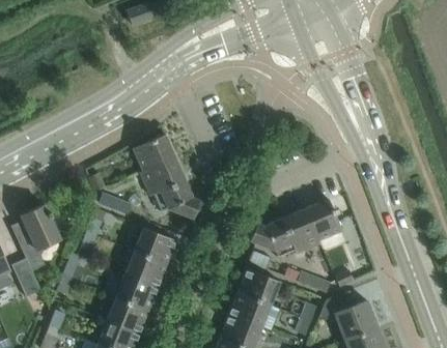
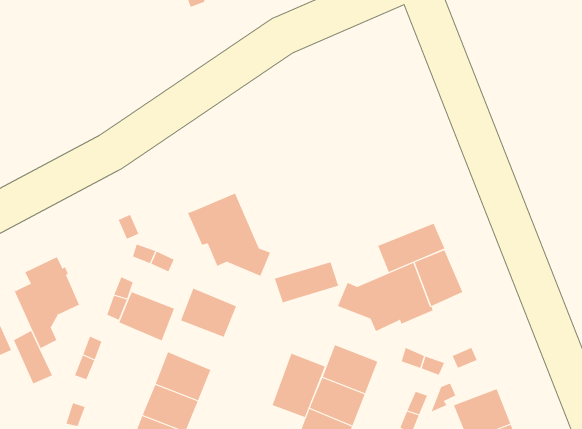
building: [134,135,175,171] -> none
building: none -> [377,223,445,273]
building: none -> [274,261,339,303]
building: [125,251,167,287] -> [118,291,175,341]
building: none -> [272,353,325,418]

